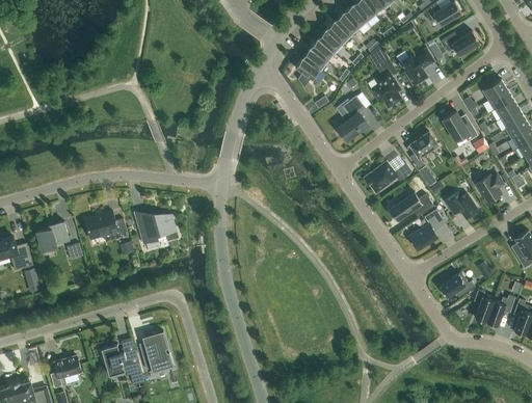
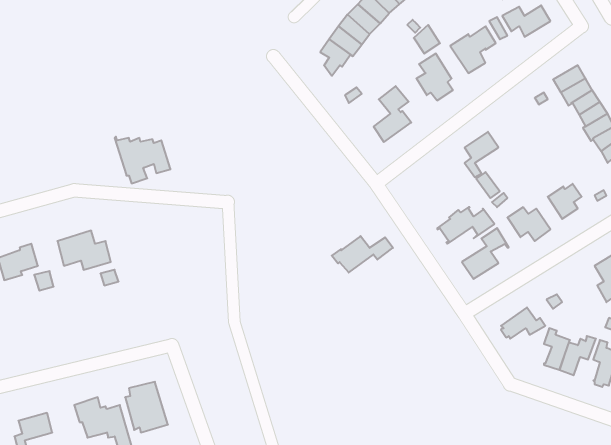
building: [443,111,478,141] -> none
building: [364,162,413,191] -> [332,236,393,273]
building: [134,212,179,249] -> [115,137,171,183]

